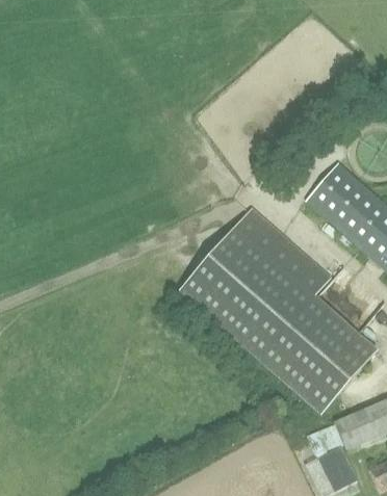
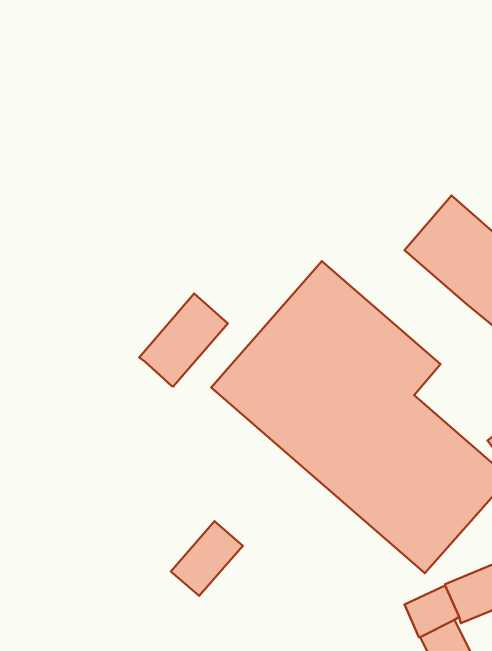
building: none -> [139,293,228,386]
building: none -> [171,521,243,596]

